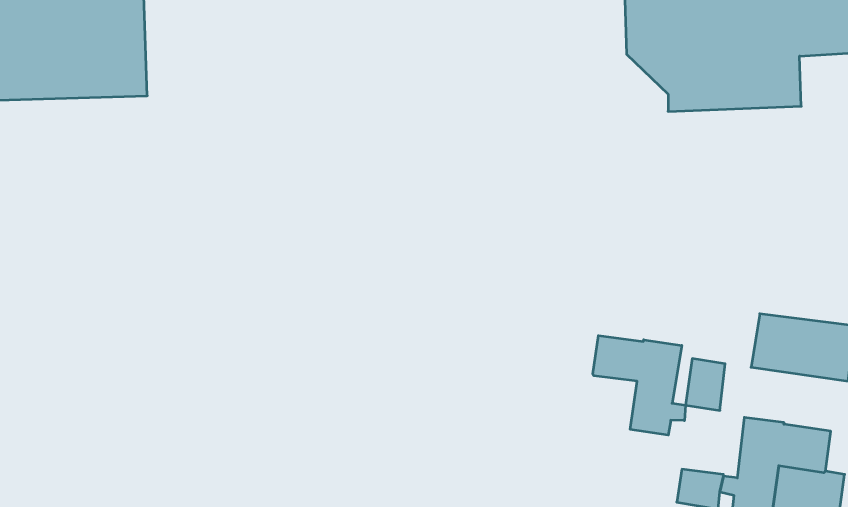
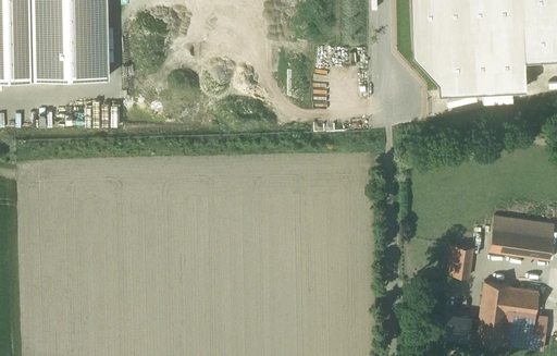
building: [593,336,685,435] -> none

